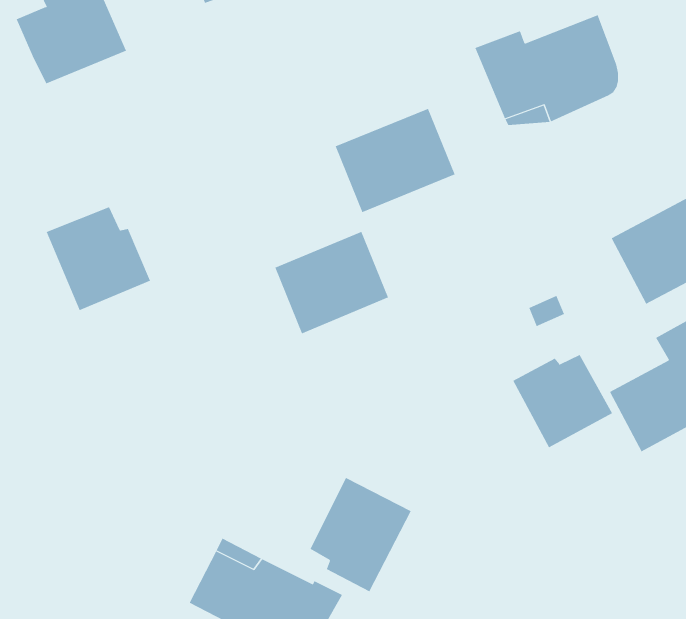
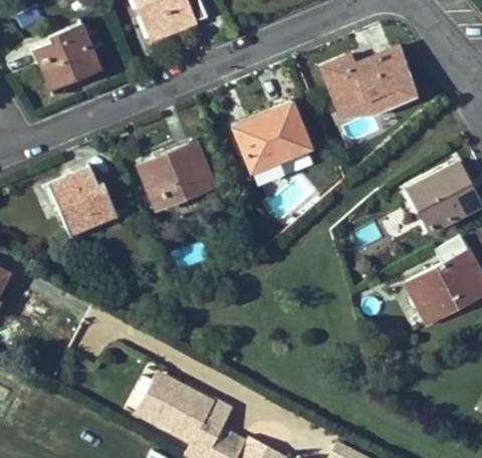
building: [275,231,389,334] -> [140,143,212,208]
building: [512,354,613,448] -> none
building: [310,477,412,592] -> none

